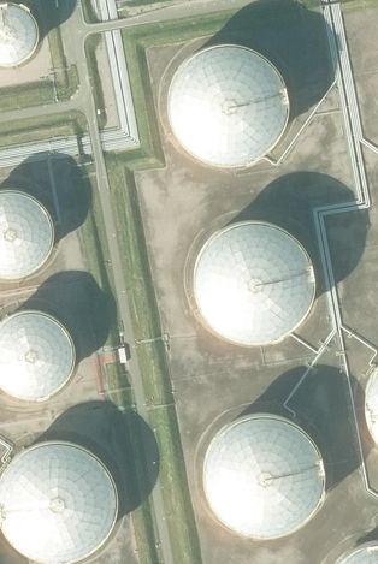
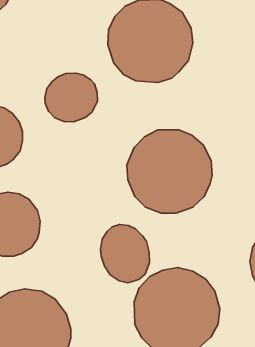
building: none -> [45,73,97,122]
building: none -> [101,225,150,283]

